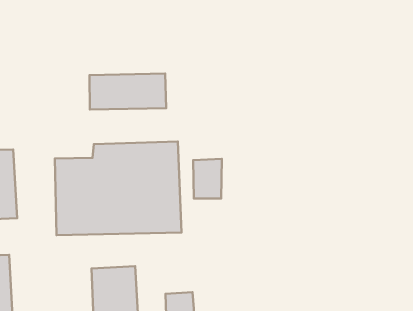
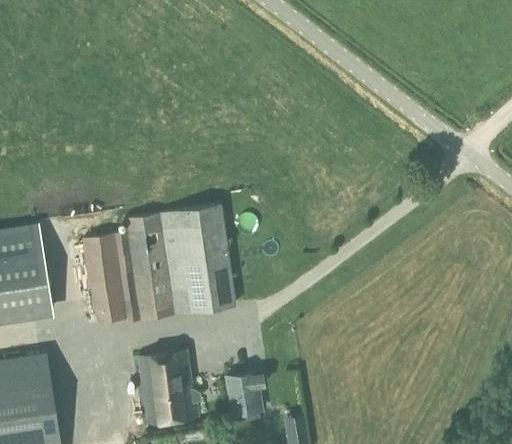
building: [89,73,166,110] -> none
building: [193,159,222,199] -> none

